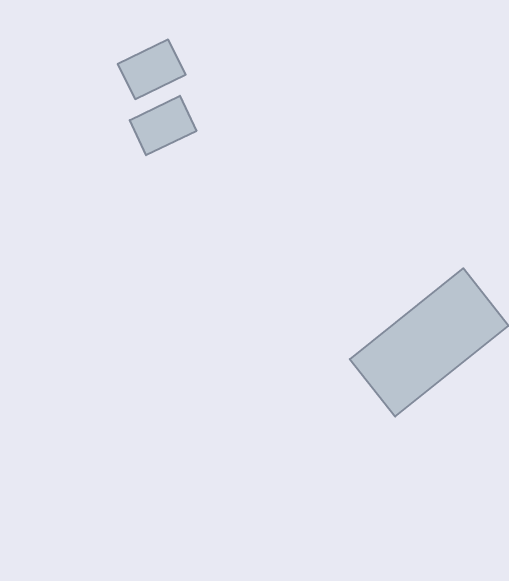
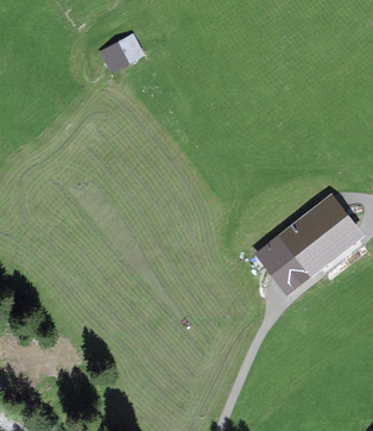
building: [130,96,196,155] -> none

